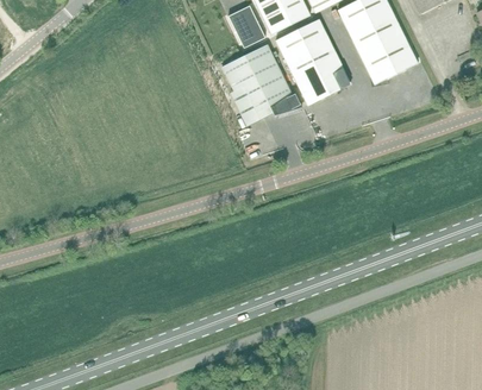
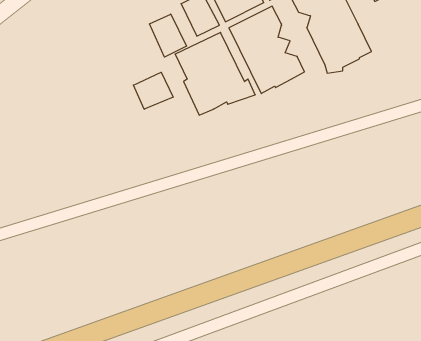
building: none -> [150,14,186,57]
building: none -> [133,72,173,109]

